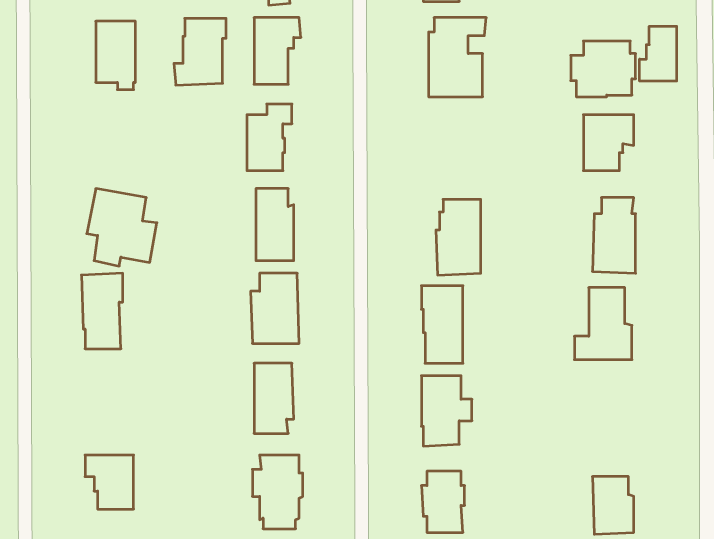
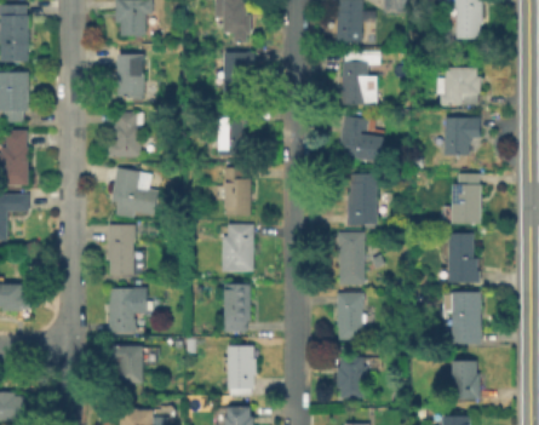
building: [174,18,226,85] -> [108,113,143,157]
building: [640,26,677,81] -> none
building: none -> [339,115,383,168]
building: none -> [105,287,144,333]
building: none -> [442,292,481,344]

